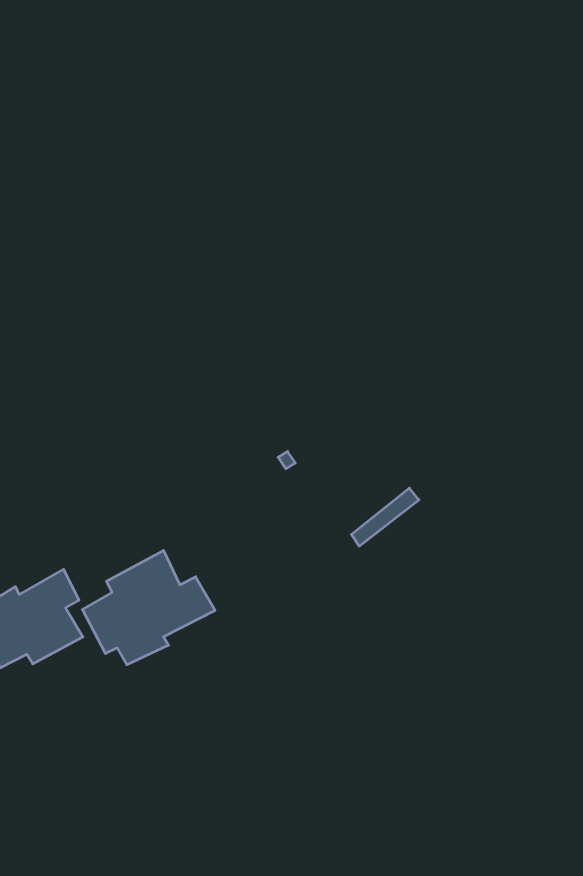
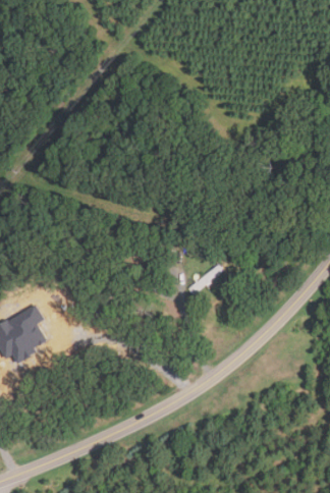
building: [82,550,215,665] -> none

